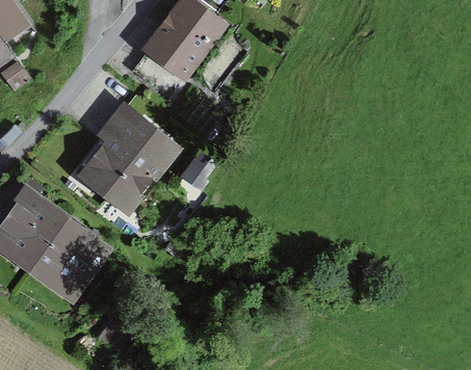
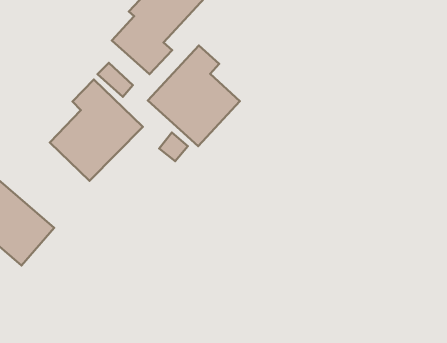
building: none -> [148,45,240,146]

